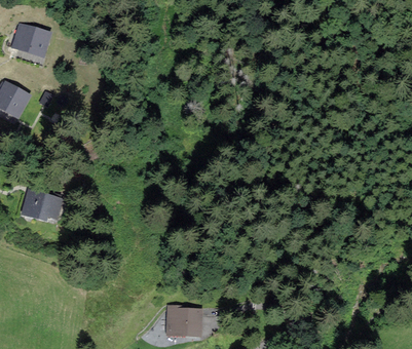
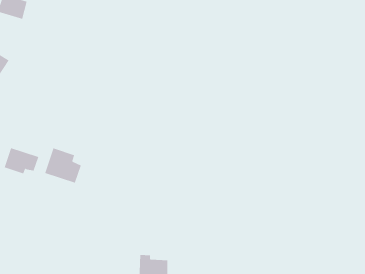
building: none -> [45,148,81,184]

